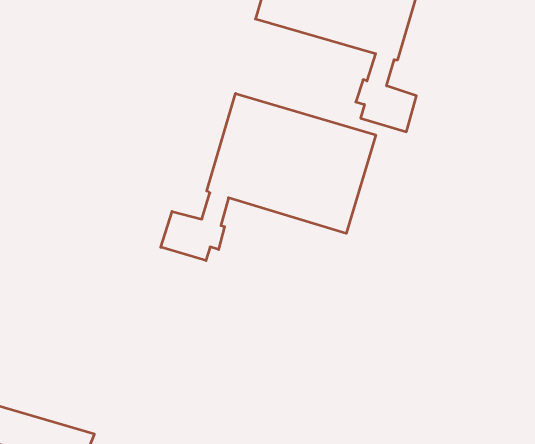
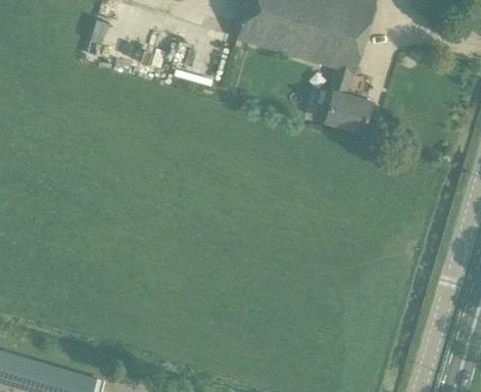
building: [161,93,376,261] -> none

